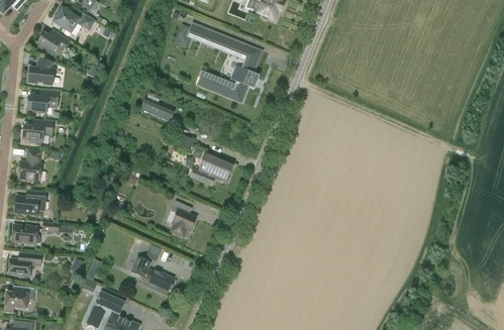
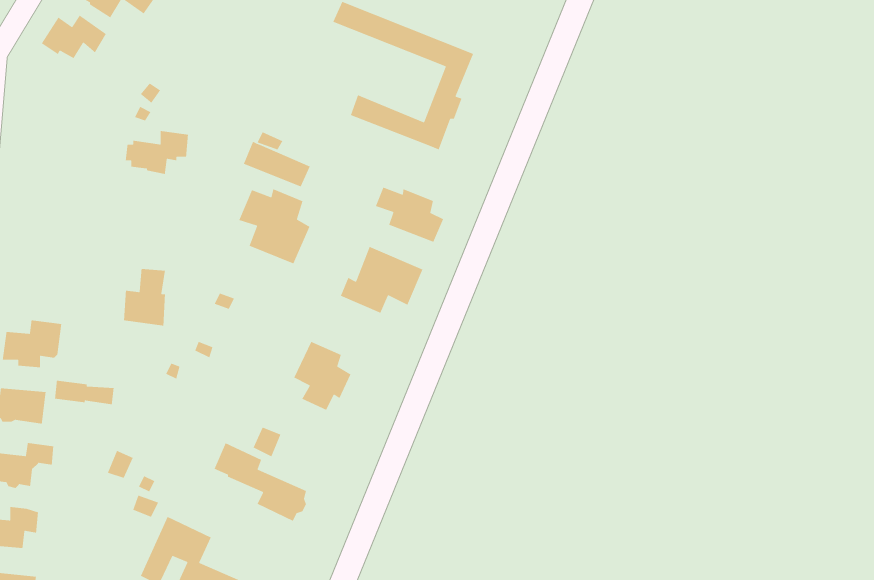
building: [28,56,54,84] -> none
building: [24,90,58,113] -> [125,130,189,175]
building: [22,119,53,142] -> none
building: none -> [375,186,444,243]
building: none -> [238,188,311,264]
building: [18,149,40,180] -> [123,268,166,327]

